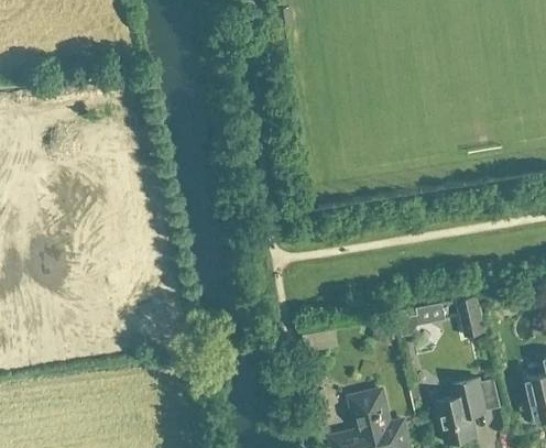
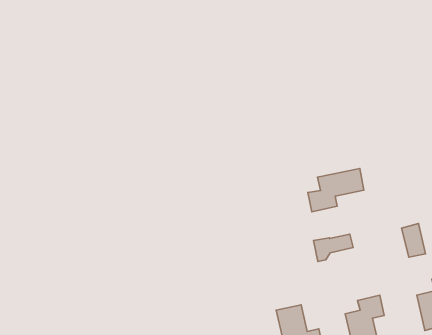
building: none -> [308,168,364,212]
building: [457,295,487,337] -> [402,224,425,257]

